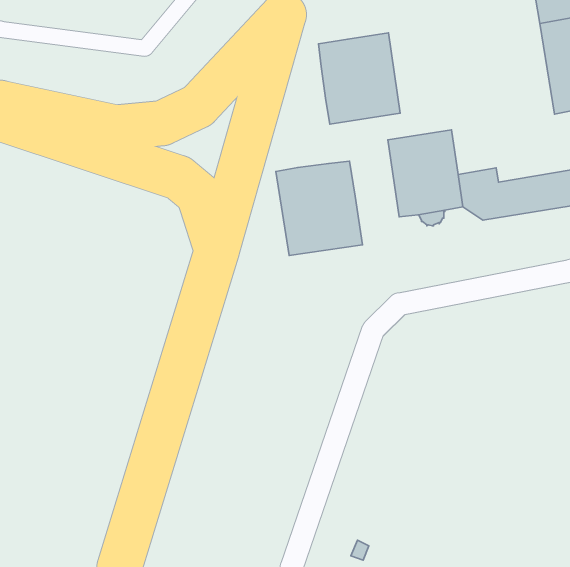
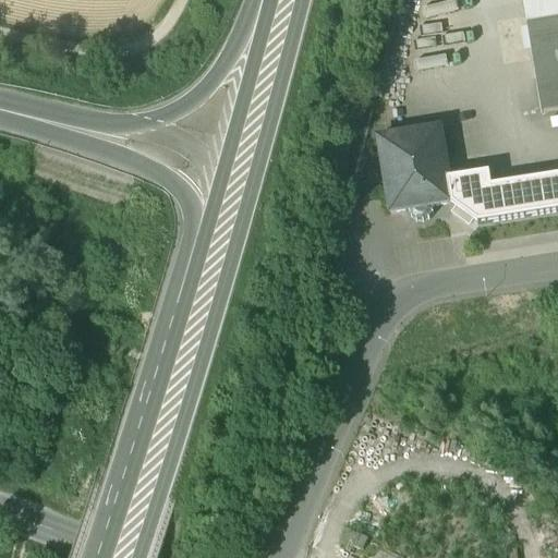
building: [318,33,400,124] -> none
building: [276,161,363,255] -> none

